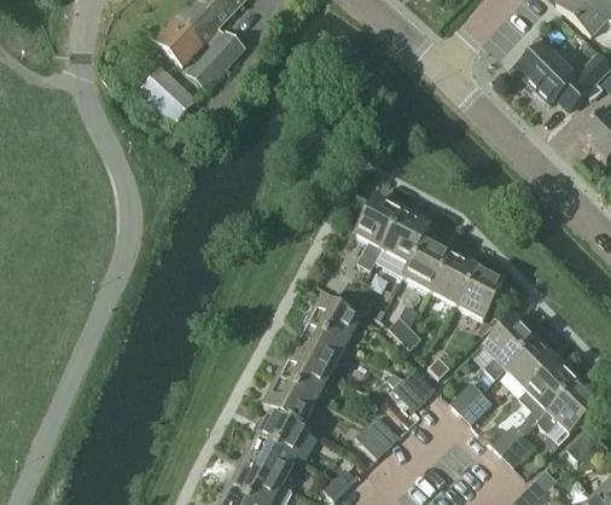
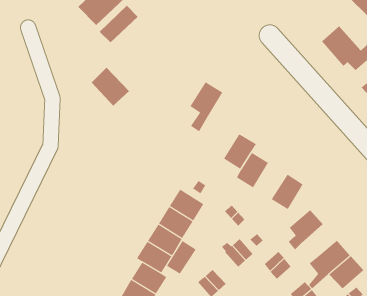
building: [140,65,198,123] -> [91,67,130,107]
building: [355,196,403,271] -> [190,82,223,132]
building: [430,251,478,304] -> none
building: [506,337,558,388] -> none
building: none -> [166,240,196,275]

